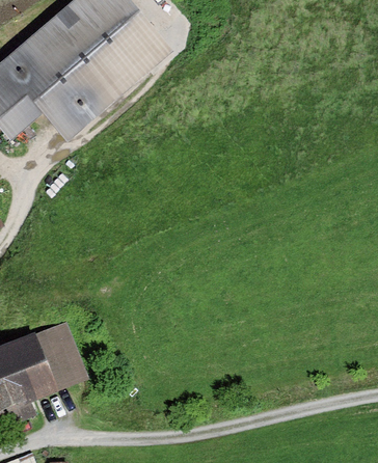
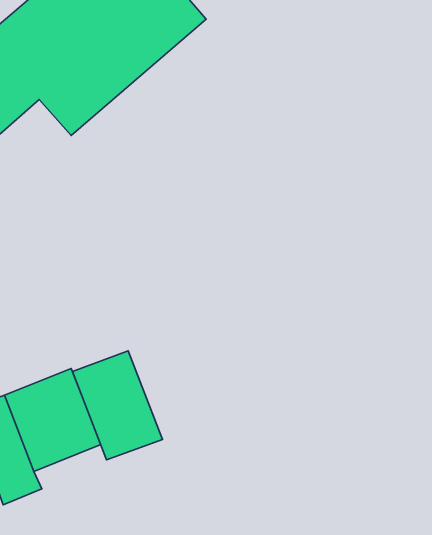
building: none -> [73,351,162,460]

